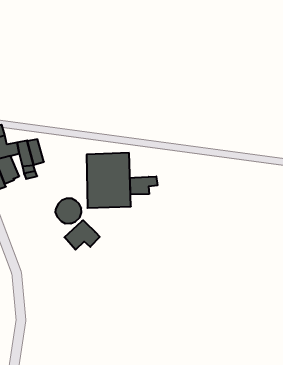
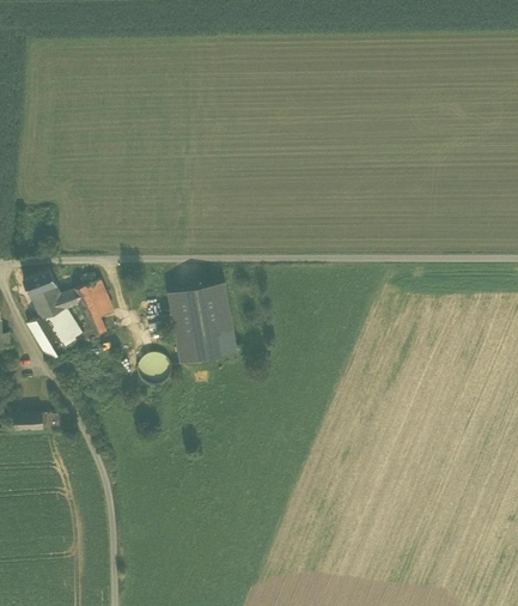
building: [130,176,157,195] -> none
building: [64,220,100,250] -> none

